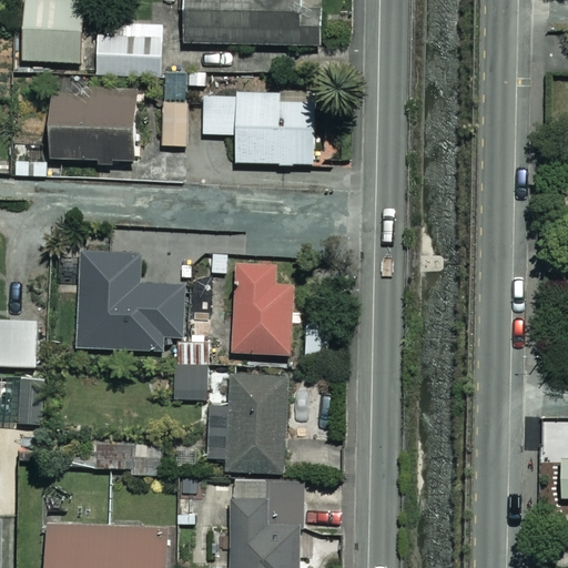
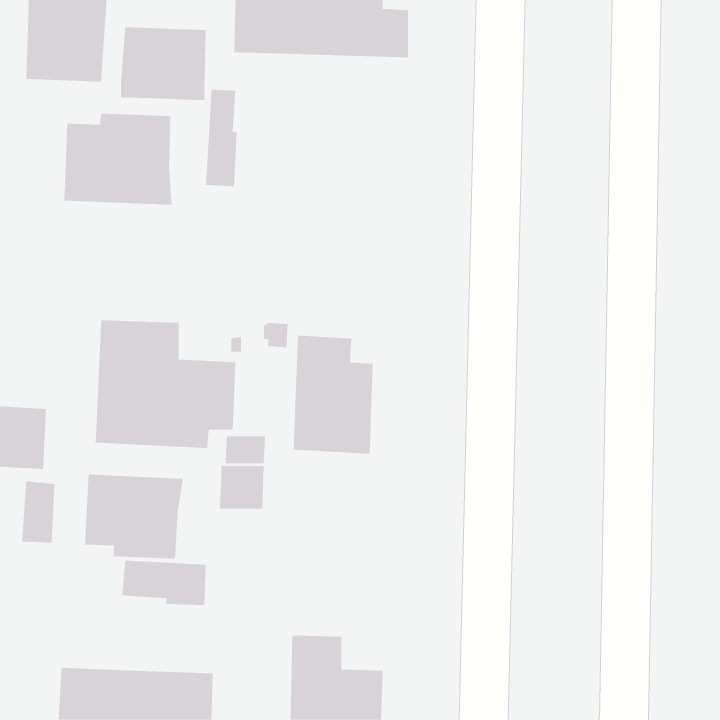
building: [202,90,314,165] -> none
building: none -> [85,474,184,560]
building: [207,374,288,475] -> none
building: [233,478,304,529] -> none

